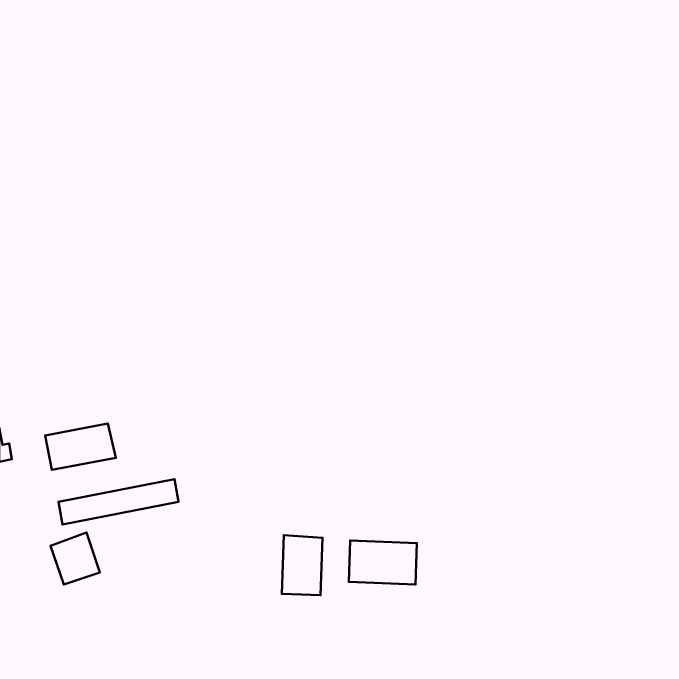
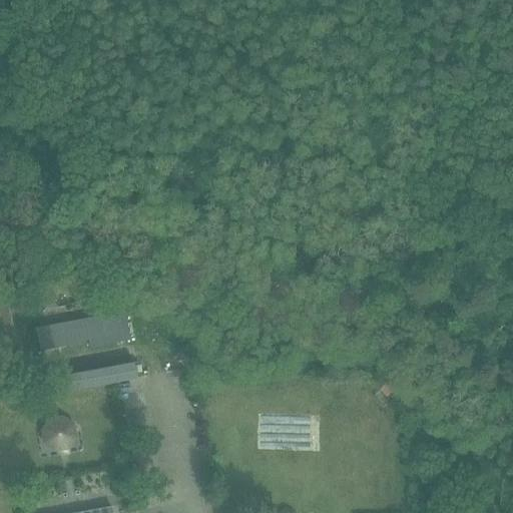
building: none -> [81,312,128,349]
building: [282,535,323,595] -> none

